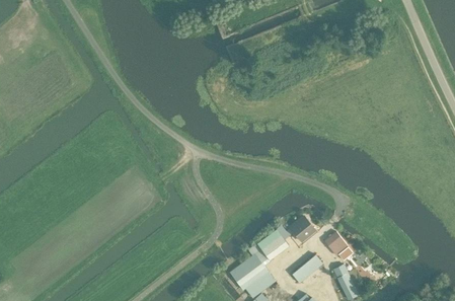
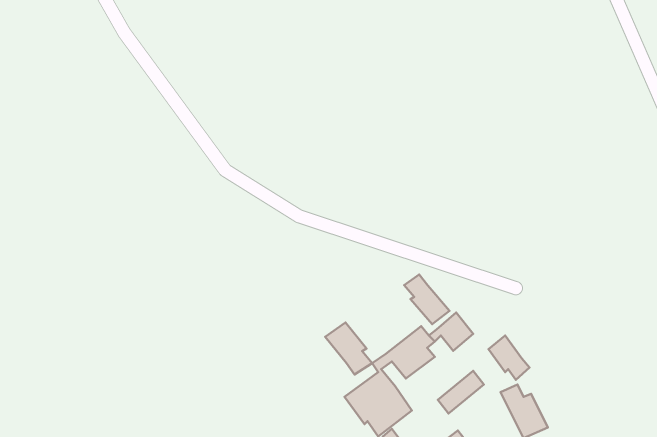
building: none -> [404,275,449,324]
building: none -> [325,322,372,375]

